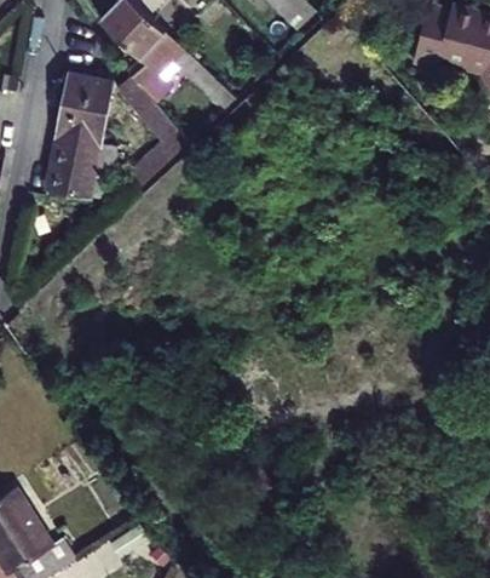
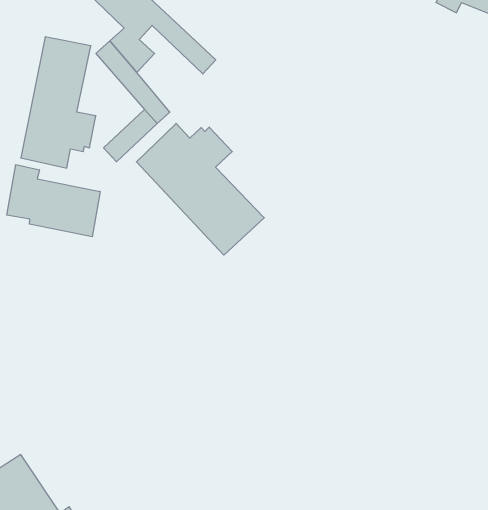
building: none -> [136,123,264,255]
building: none -> [7,165,100,237]

